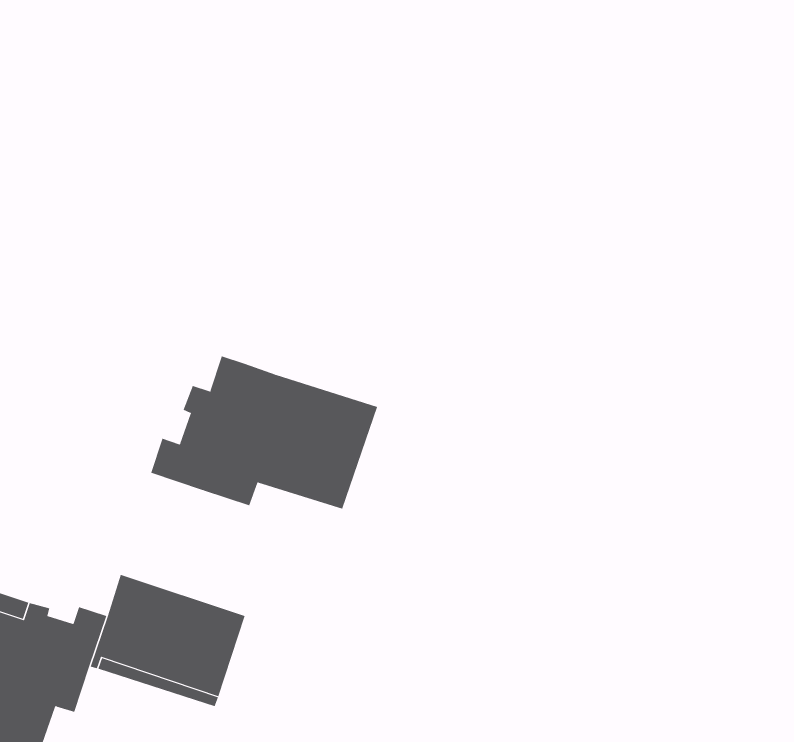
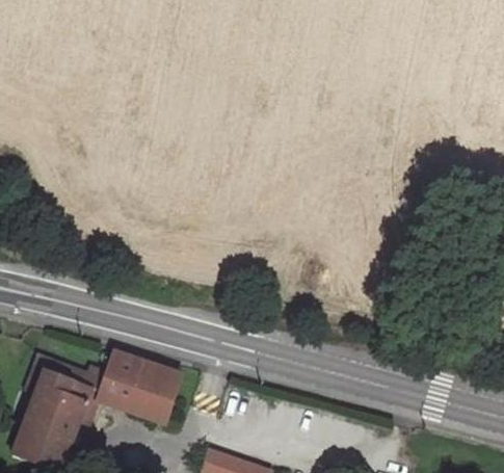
building: [150,356,378,509] -> none

